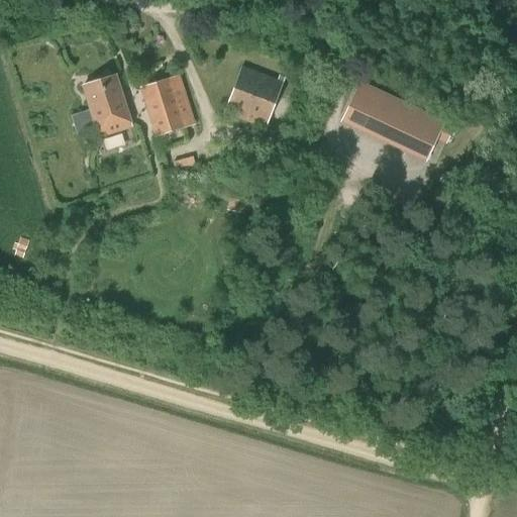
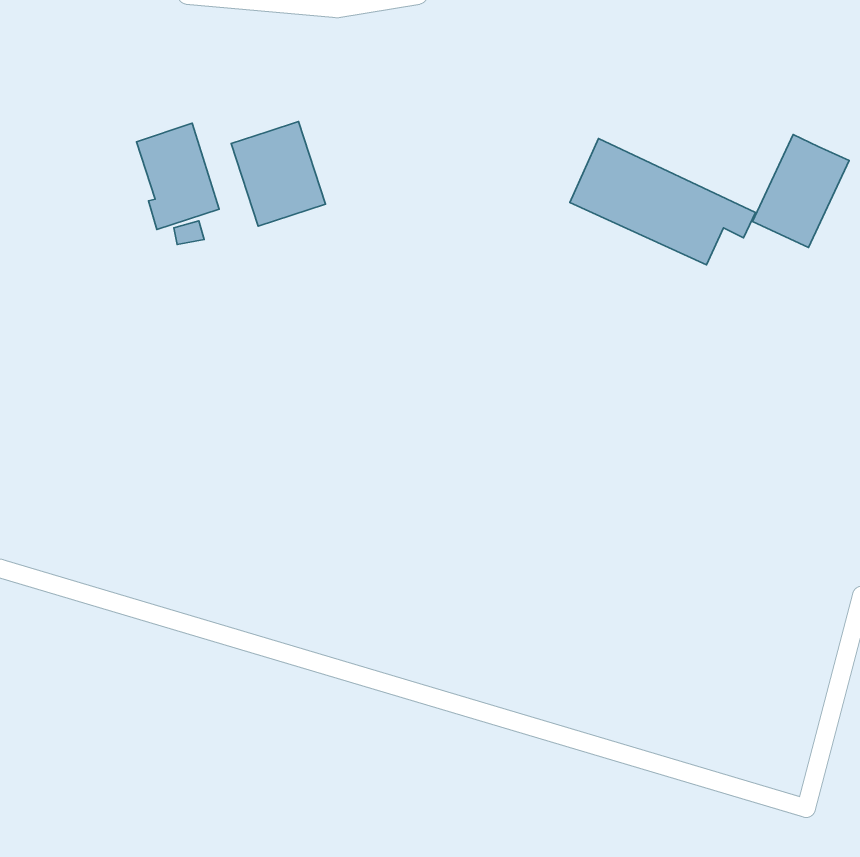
building: [224,64,284,127] -> none
building: none -> [753,135,849,247]

